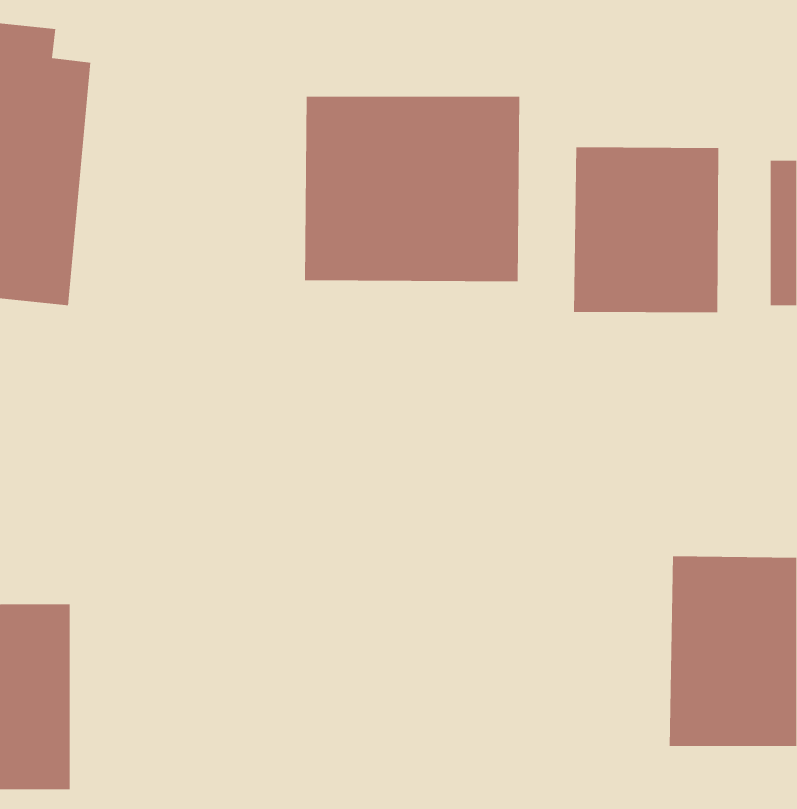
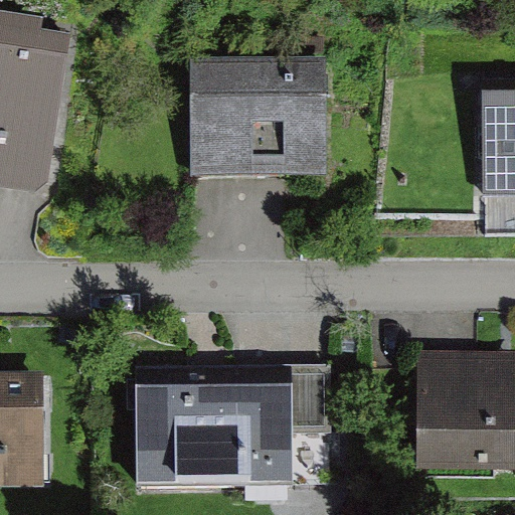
building: [573,147,719,313] -> none
building: none -> [148,368,330,476]

